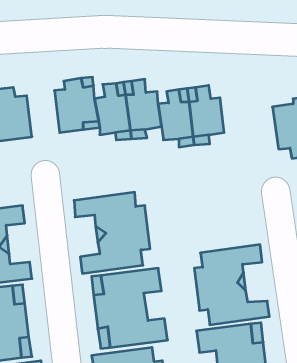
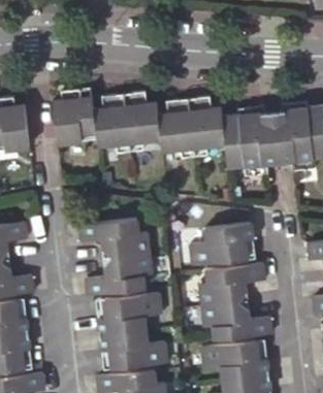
building: none -> [223,118,281,178]
building: none -> [186,219,252,264]

